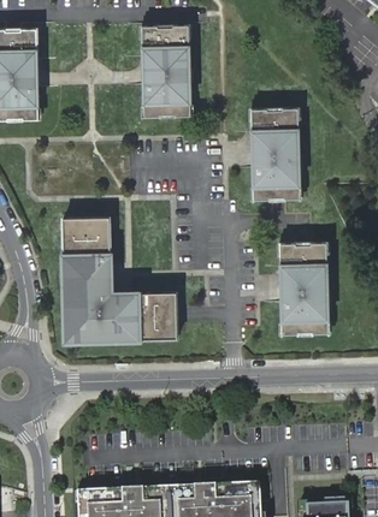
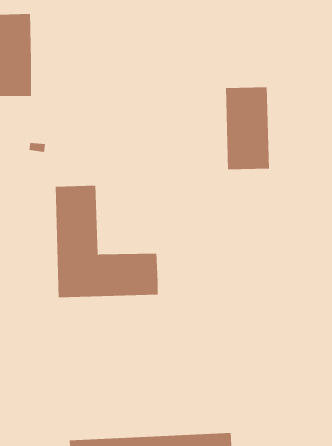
building: [141,23,190,115] -> none
building: [279,239,329,332] -> none

